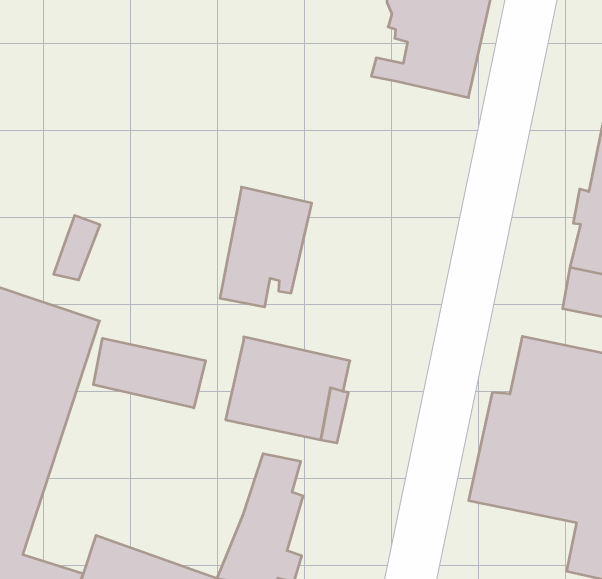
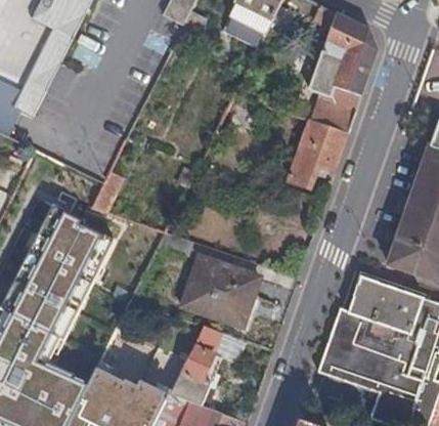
building: [220,187,312,307] -> [287,118,347,189]
building: [93,338,206,408] -> none

